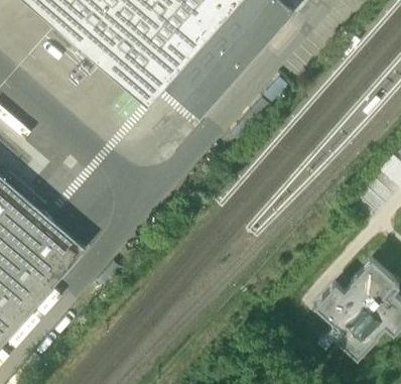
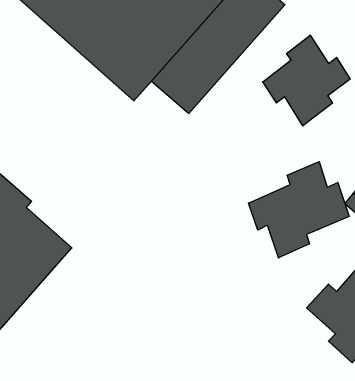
building: none -> [263,35,350,126]
building: none -> [248,162,349,258]

